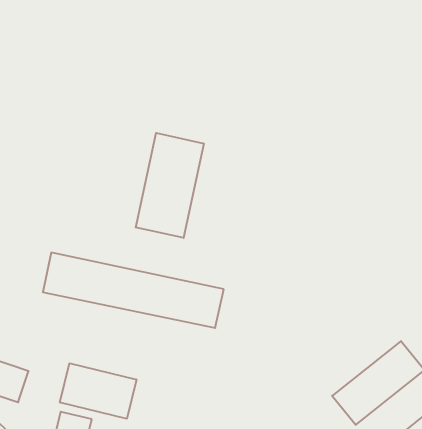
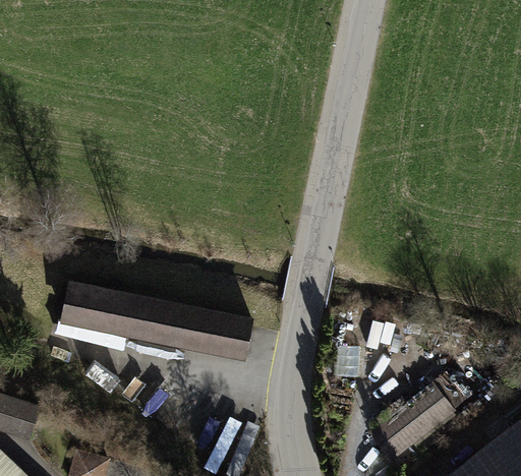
building: [136,133,204,238] -> none
building: [60,363,136,419] -> none

